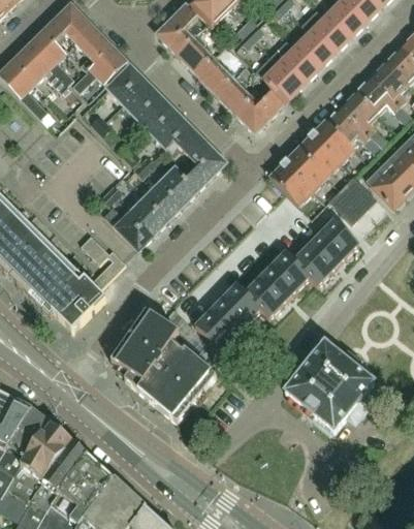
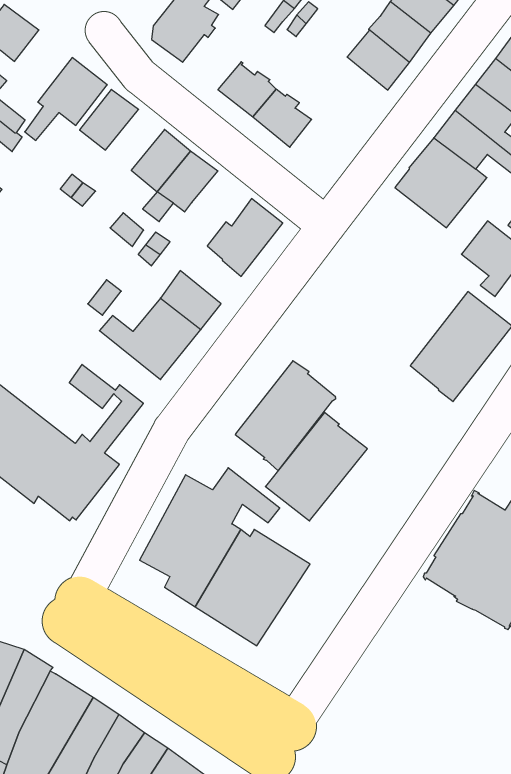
building: [72,22,108,59] -> none
building: [177,34,213,72] -> none
building: [263,62,301,101] -> none
building: [122,79,160,116] -> none
building: [236,93,282,132] -> none
building: [166,123,209,158] -> none
building: [269,147,327,204] -> none
building: [159,166,196,206] -> none
building: [245,249,310,316] -> [235,361,336,471]

